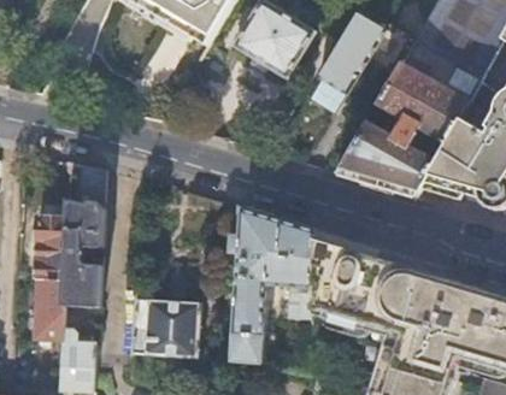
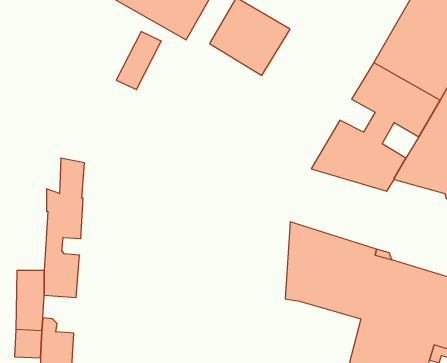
building: [316,16,381,96] -> none
building: [228,208,313,364] -> none
building: [35,218,66,279] -> none
building: [130,299,198,358] -> none

